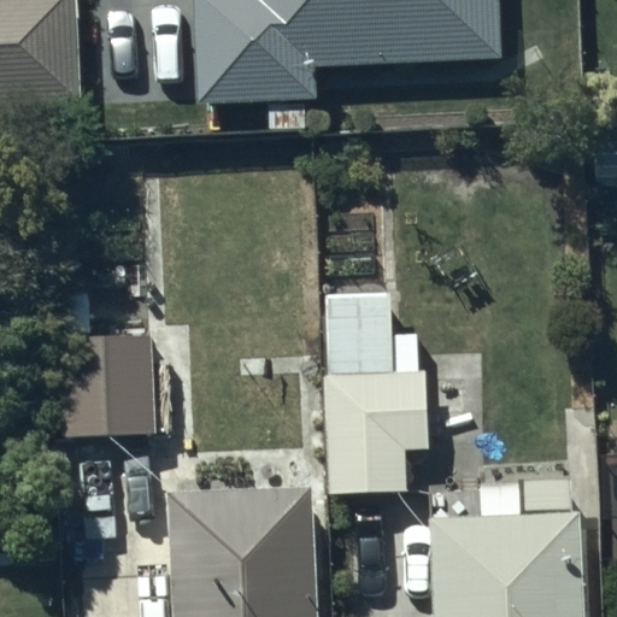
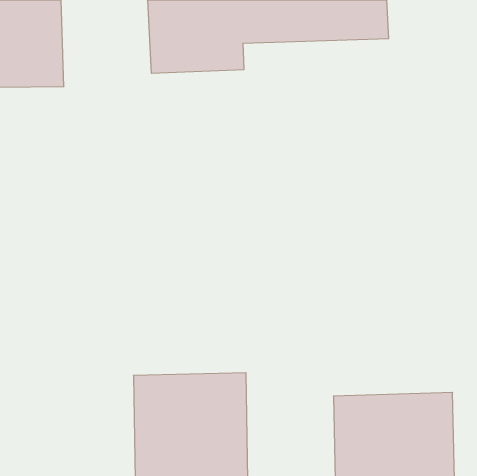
building: [323,290,471,489] -> none
building: [61,334,149,430] -> none

